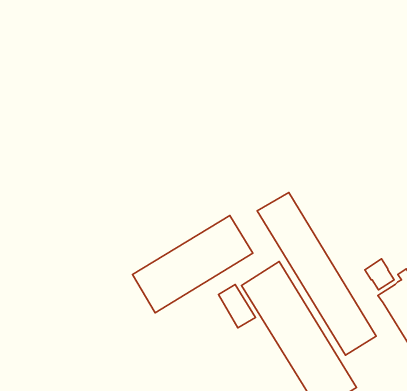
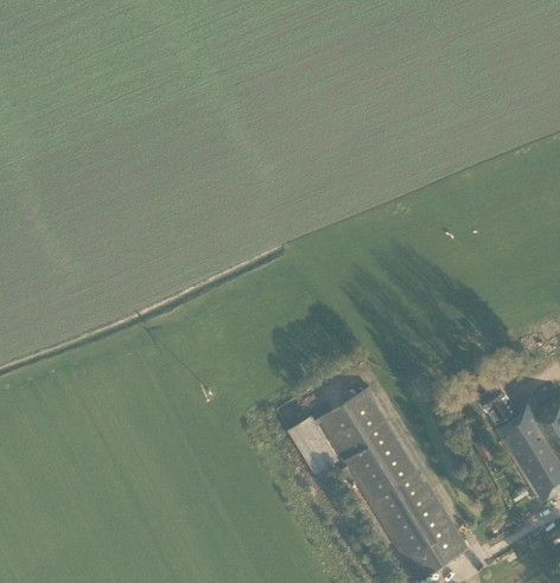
building: [257,192,376,355] -> none
building: [132,216,253,313] -> none

